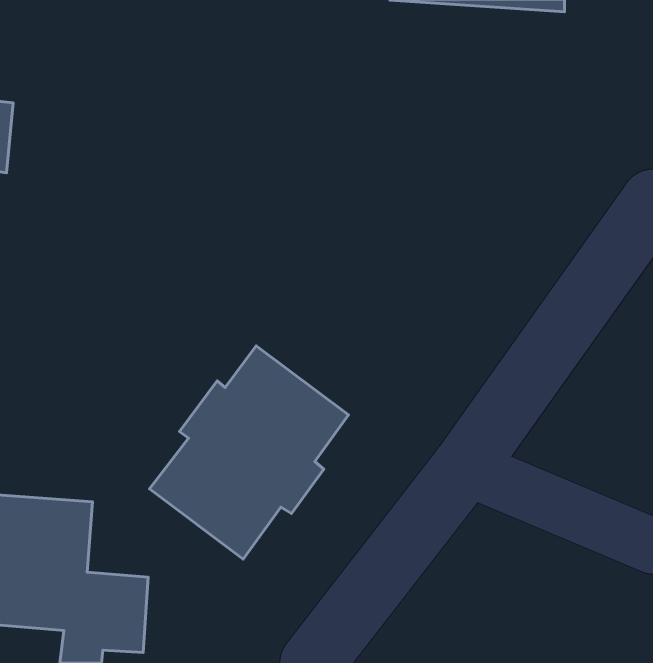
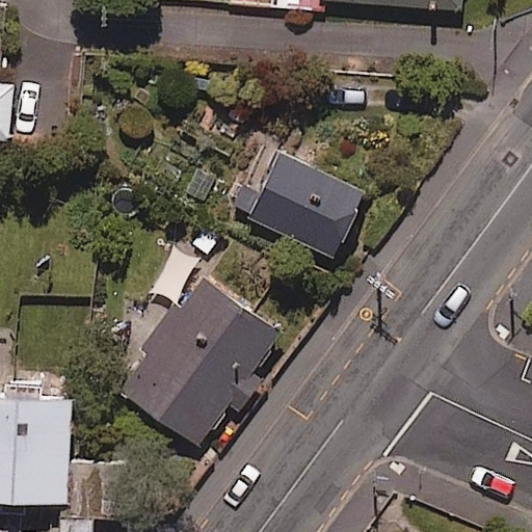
building: none -> [243,153,356,255]

